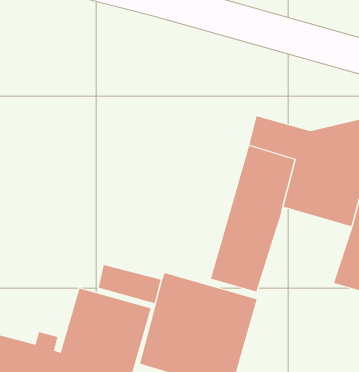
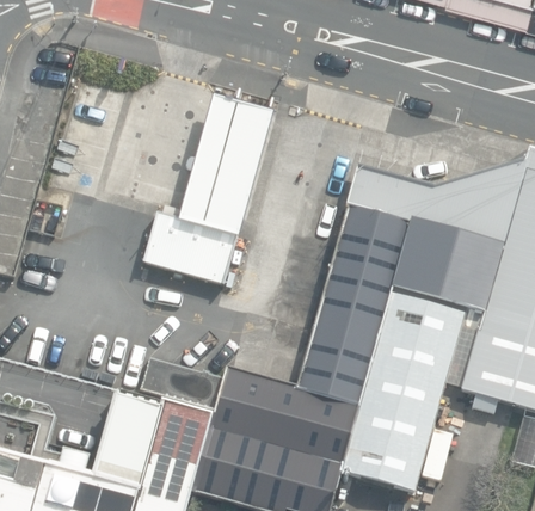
building: none -> [143,94,282,291]
building: none -> [339,293,465,491]

